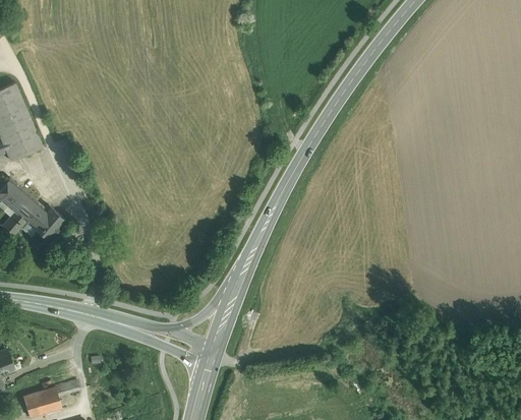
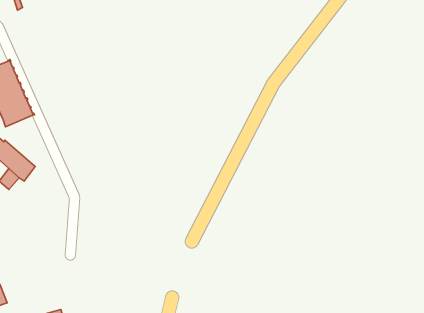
building: [33,206,66,241] -> none

